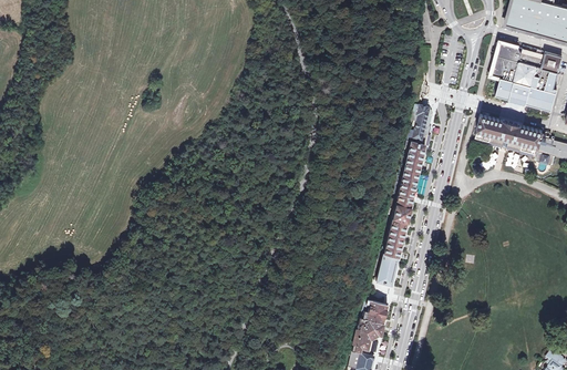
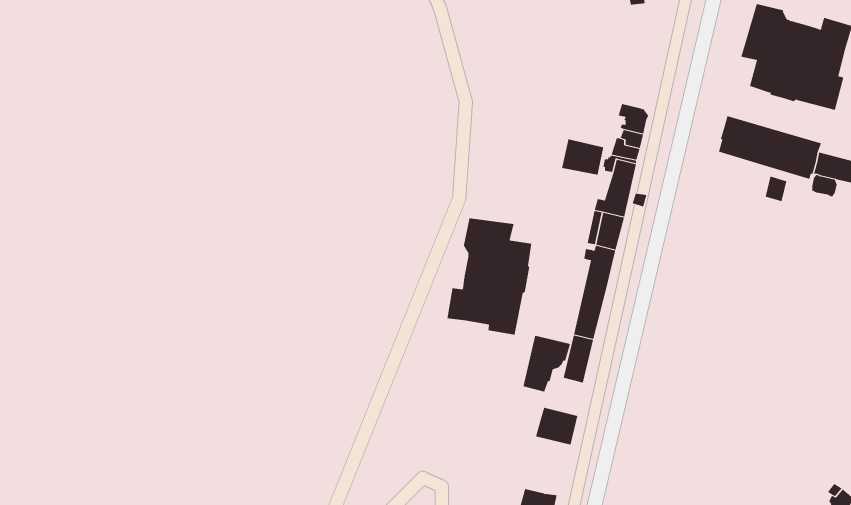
building: none -> [561,139,604,175]
building: none -> [447,217,532,336]
building: [352,320,383,357] -> [522,335,571,392]

